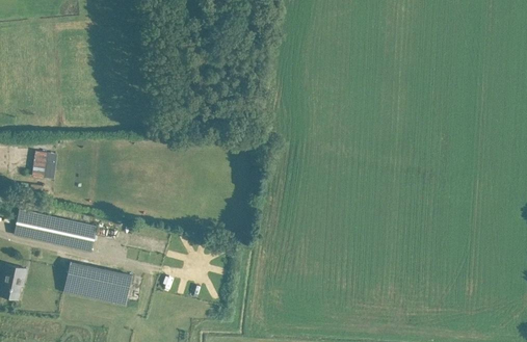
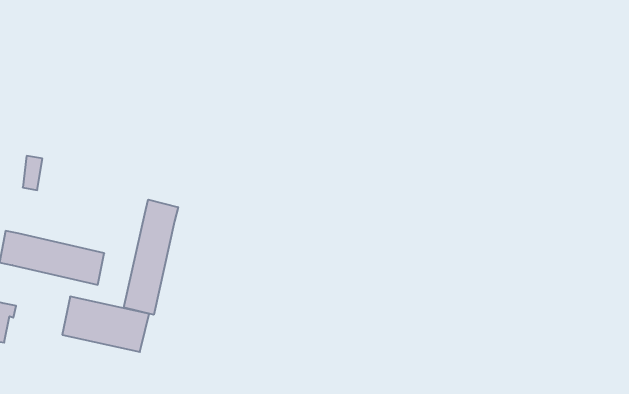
building: none -> [124,200,178,315]

